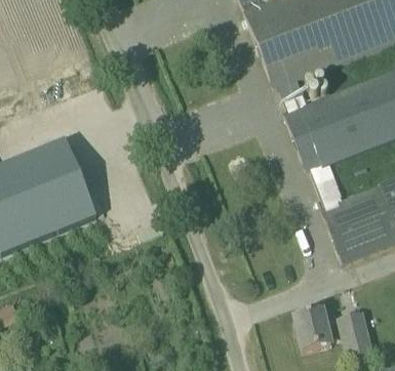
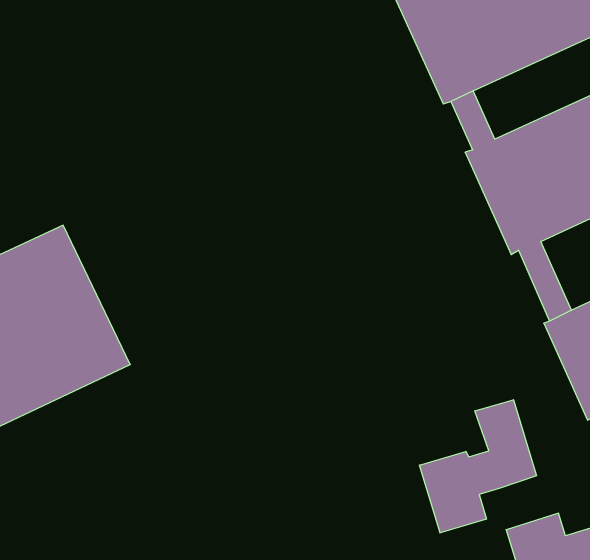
building: none -> [419,400,537,533]

